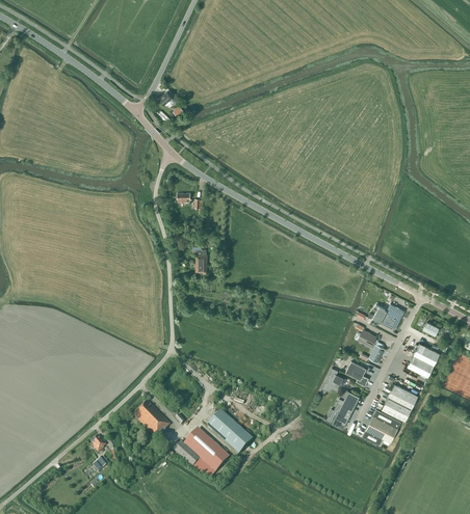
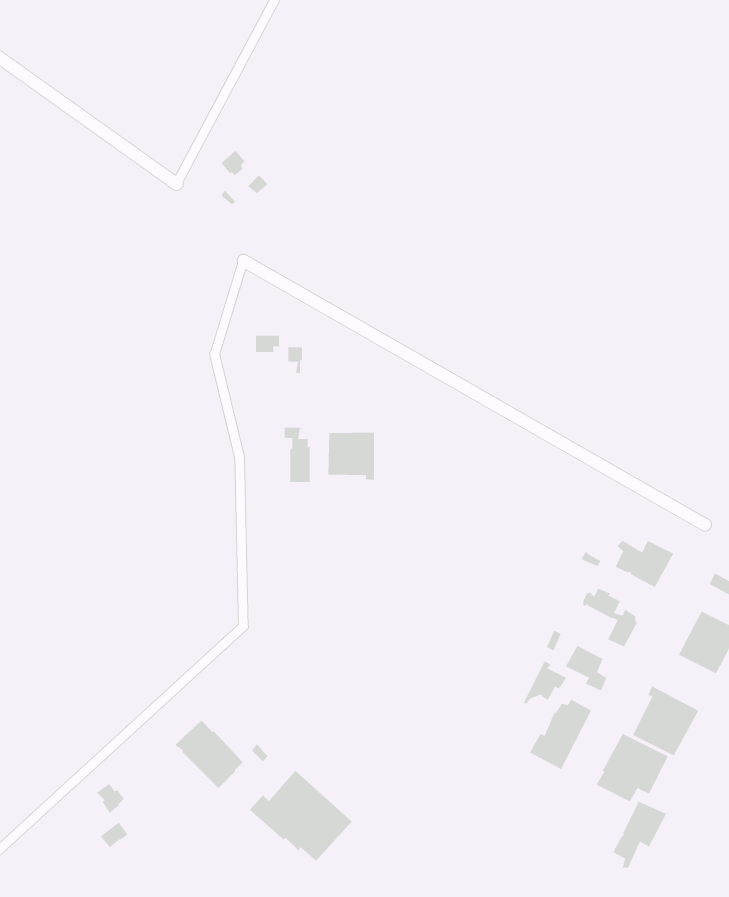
building: none -> [328,432,374,481]
building: [207,408,254,452] -> none
building: none -> [613,801,667,869]

